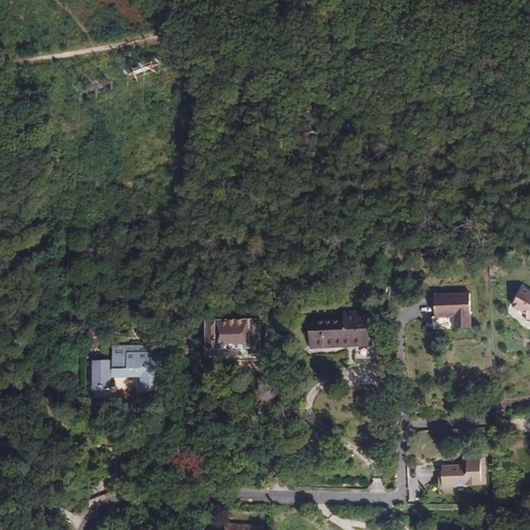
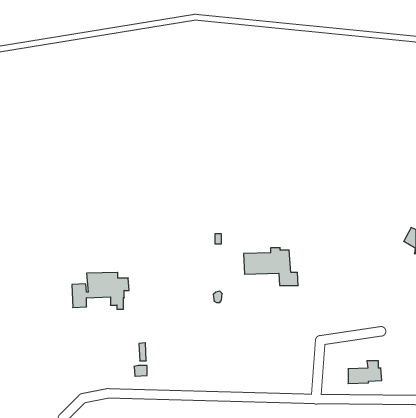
building: [433,293,469,328] -> none
building: [205,319,259,356] -> none

